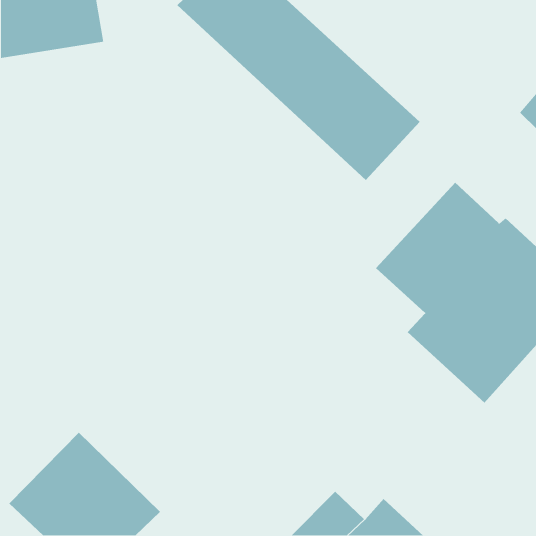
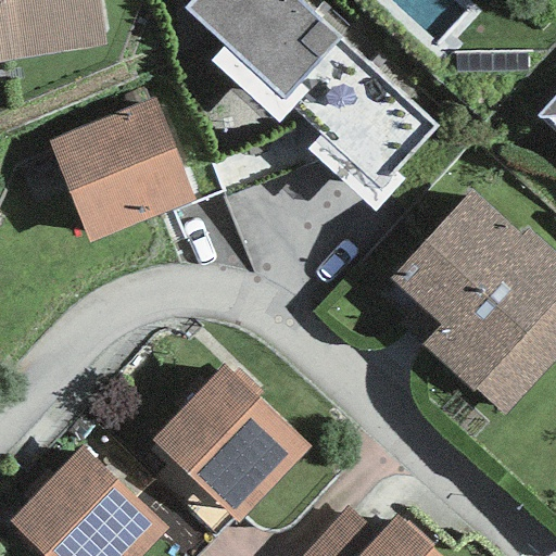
building: none -> [49,98,195,241]
building: none -> [152,365,311,522]

